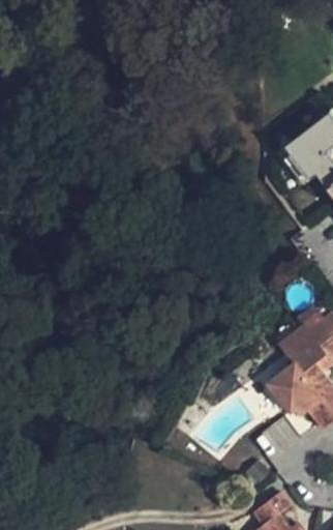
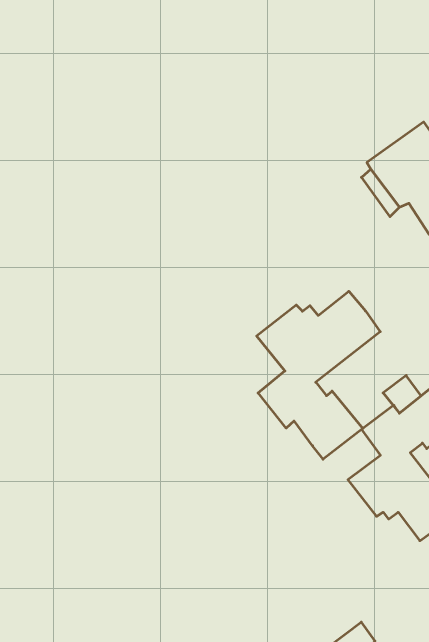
building: none -> [257,291,380,459]

